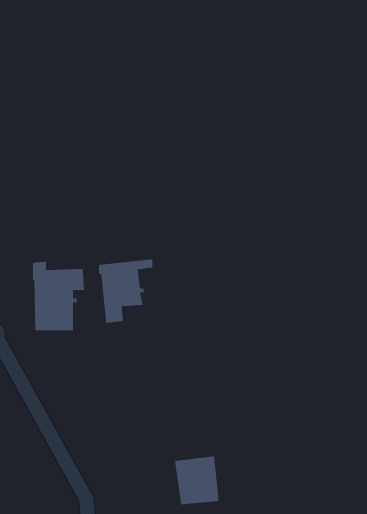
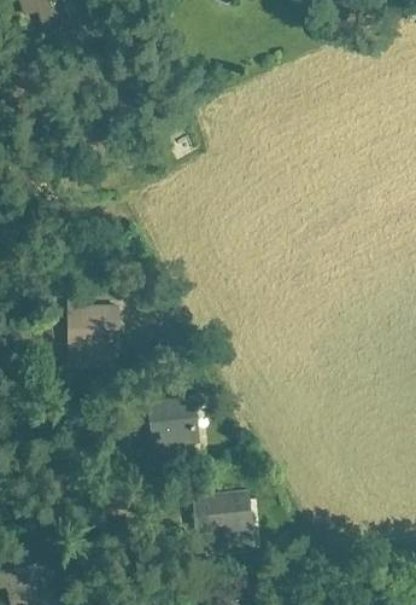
building: [97,259,153,324] -> [147,396,203,460]

